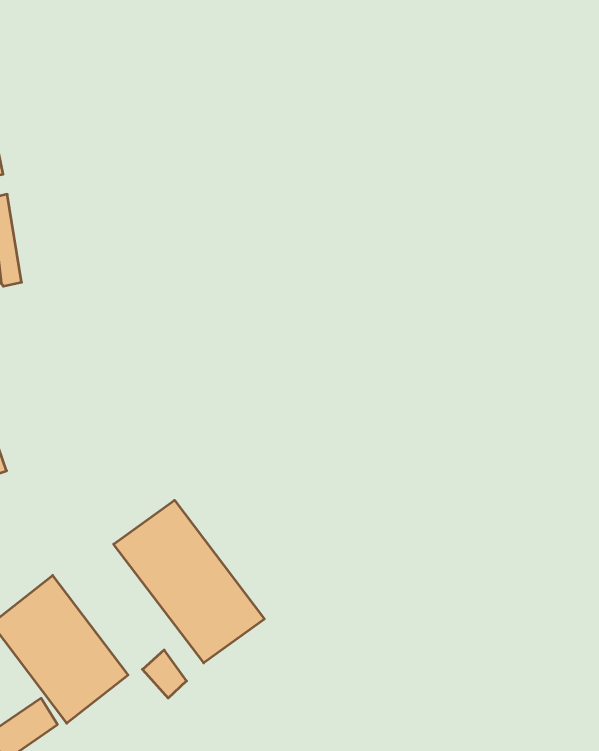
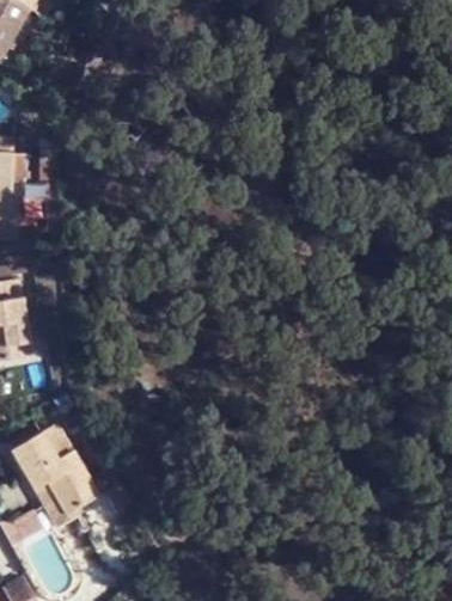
building: [114,500,264,663] -> none

